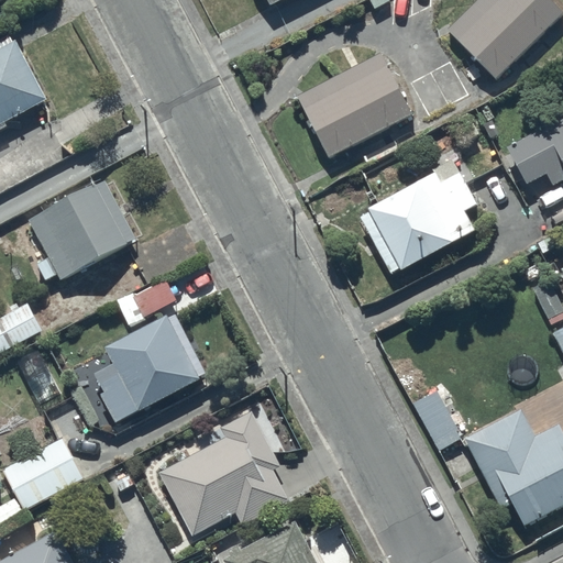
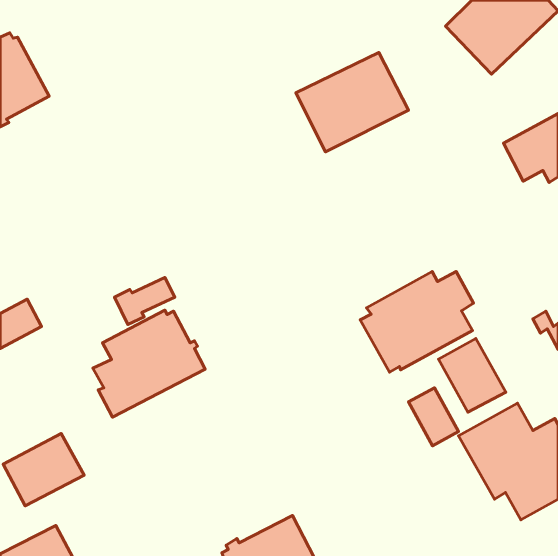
building: [361,172,475,273] -> [360,272,474,372]
building: [30,188,134,286] -> none
building: none -> [439,339,506,412]
building: [158,411,288,537] -> none

